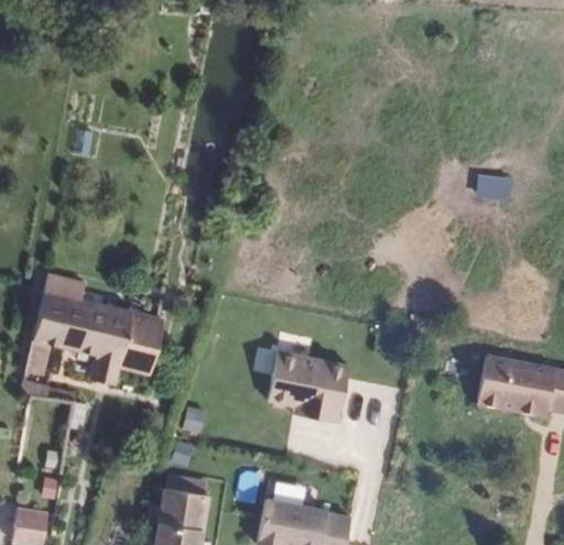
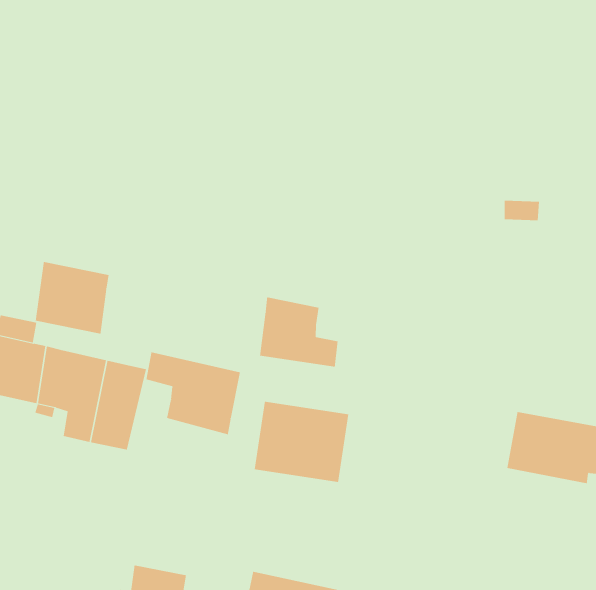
building: none -> [35,261,109,335]
building: none -> [259,297,338,368]
building: none -> [146,352,240,435]

